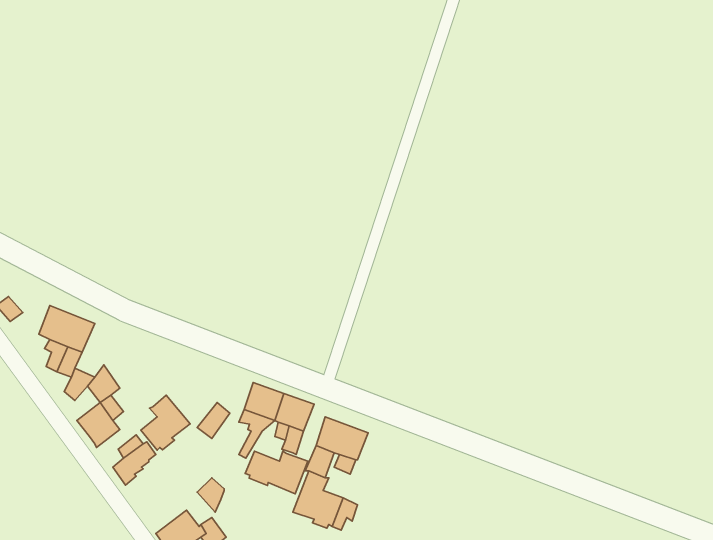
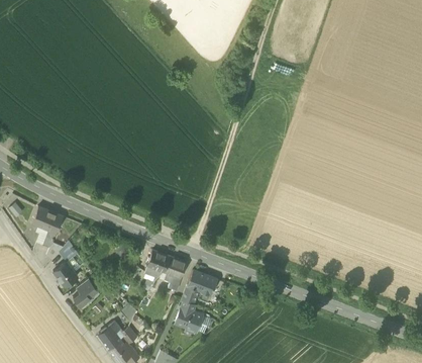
building: [141,395,190,450] -> none
building: [245,451,308,494] -> none

